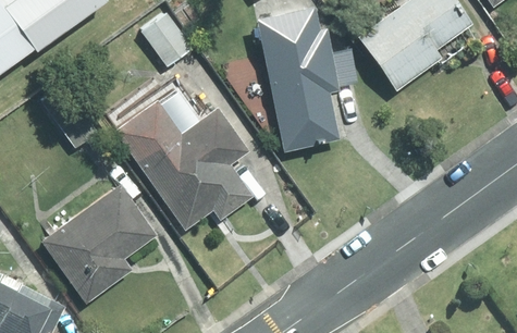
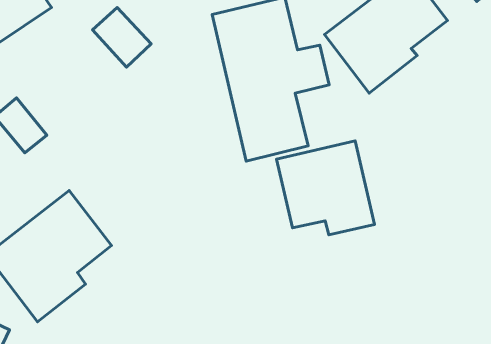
building: [110,97,251,230] -> none
building: none -> [276,141,375,235]

